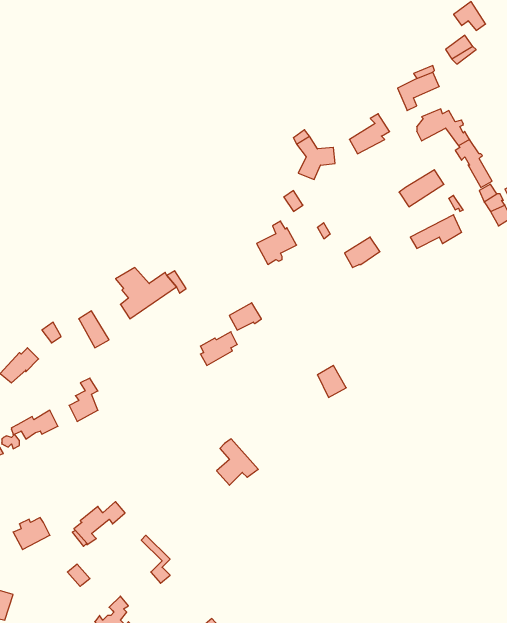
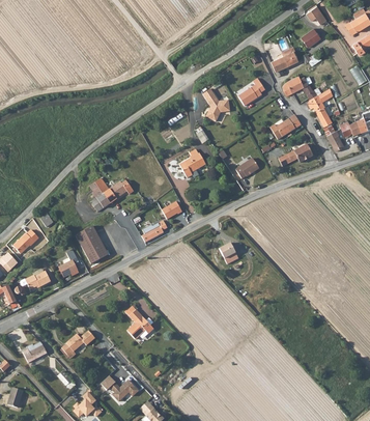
building: none -> [76,226,108,264]
building: [217,439,258,485] -> [125,310,152,340]
building: none -> [99,375,138,402]

